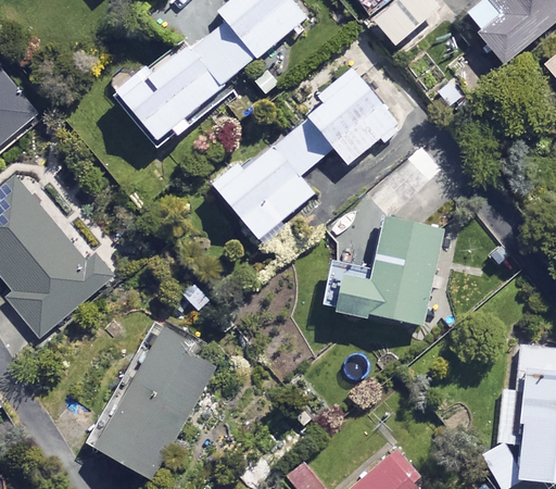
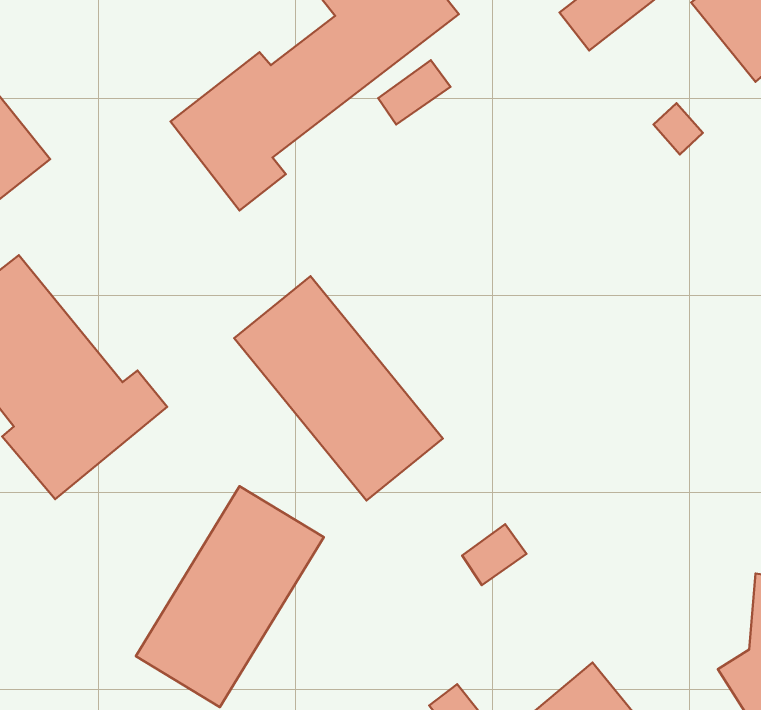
building: [212,68,396,246] -> none
building: none -> [234,276,443,500]
building: [321,215,463,324] -> none

